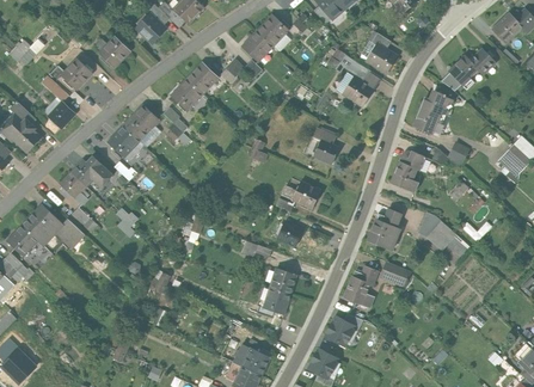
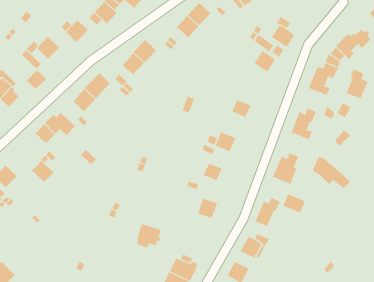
building: none -> [346,69,368,99]
building: [22,203,63,245] -> none
building: [257,285,289,318] -> [136,223,161,248]

